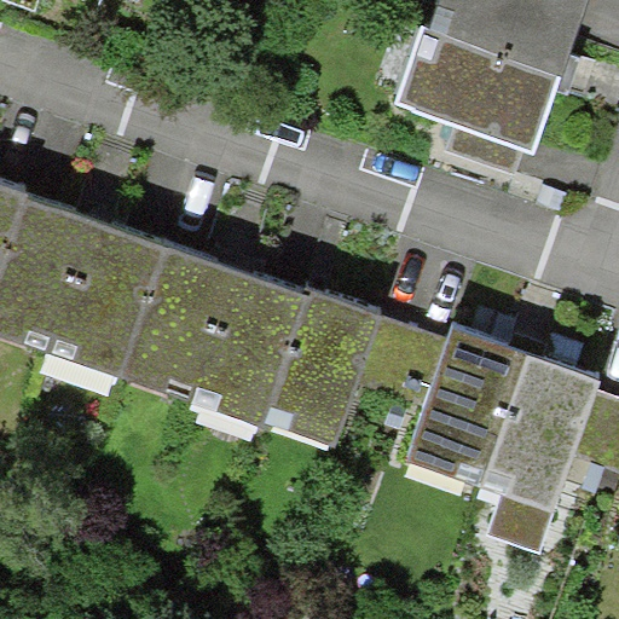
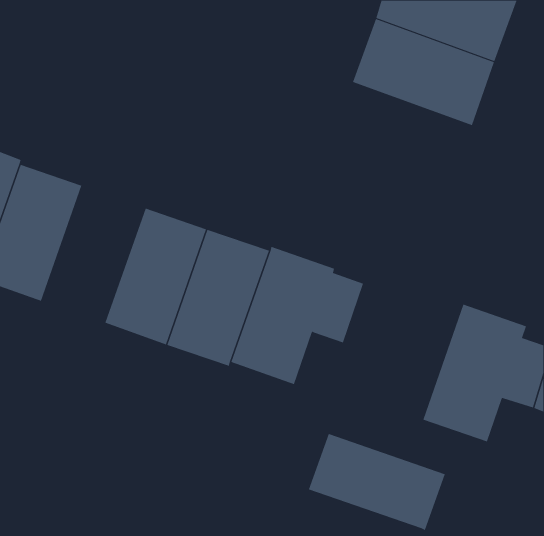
building: [47,220,164,376] -> none
building: [389,329,525,486] -> none
building: none -> [308,433,446,531]

